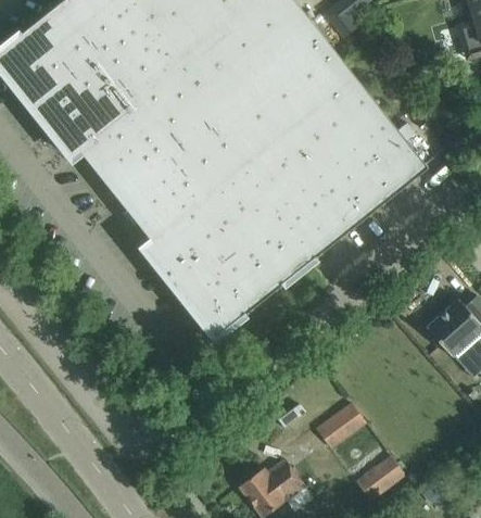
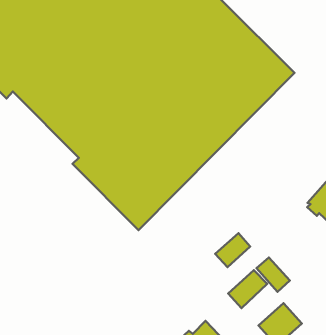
building: none -> [215,233,250,267]
building: none -> [257,258,290,292]

